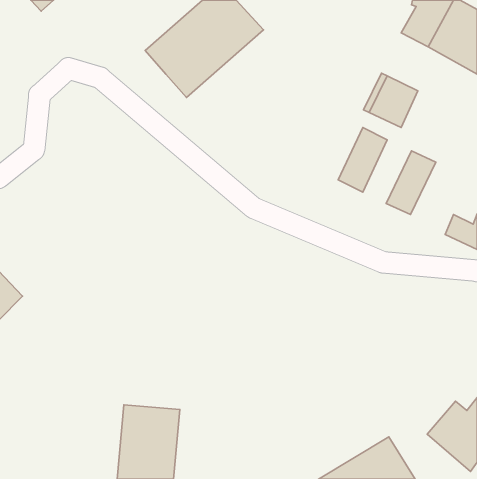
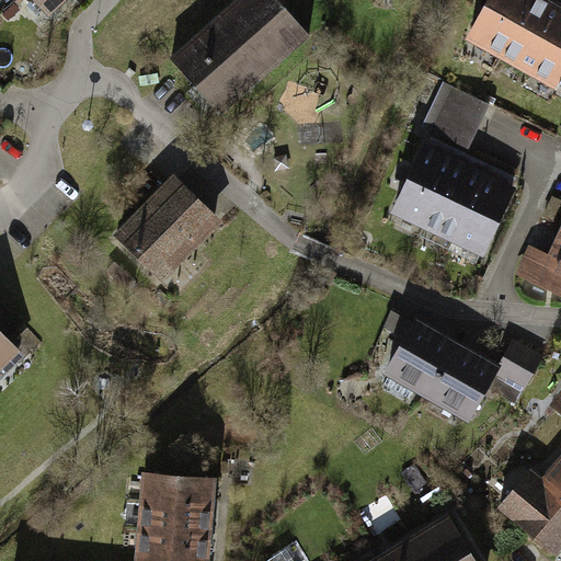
building: none -> [424,163,481,238]
building: none -> [117,182,213,277]
building: none -> [387,321,540,419]

